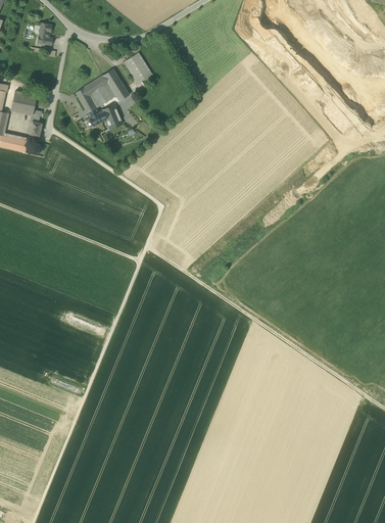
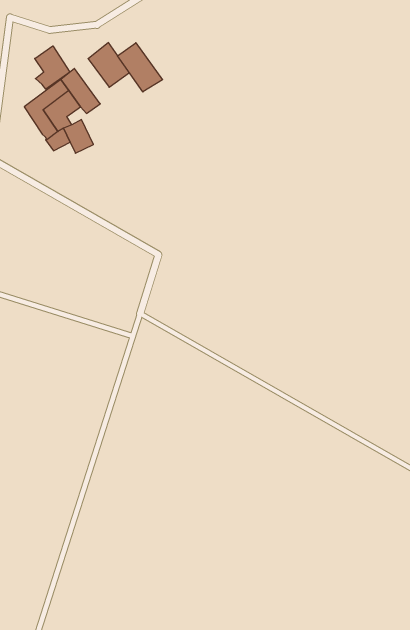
building: none -> [35,46,70,89]
building: none -> [118,43,163,92]

